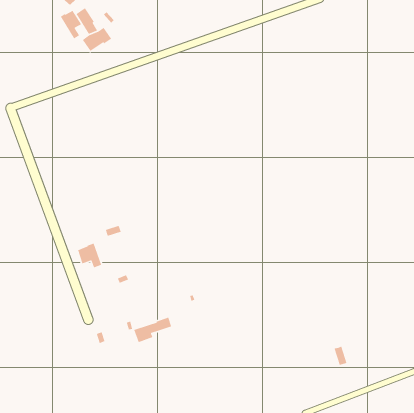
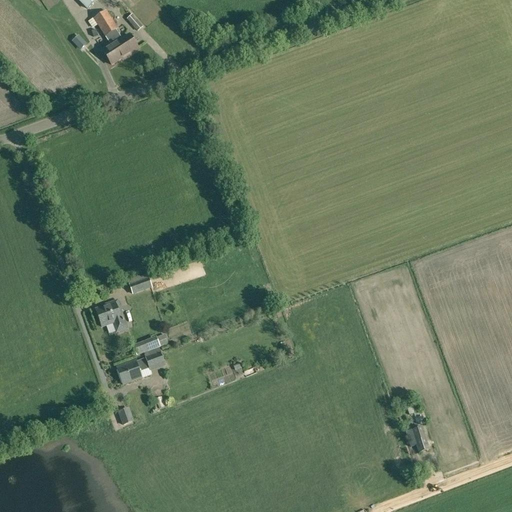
building: [60,10,82,39] -> none
building: [133,316,172,343] -> [116,350,164,383]

